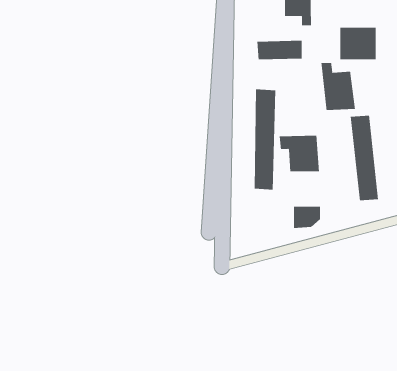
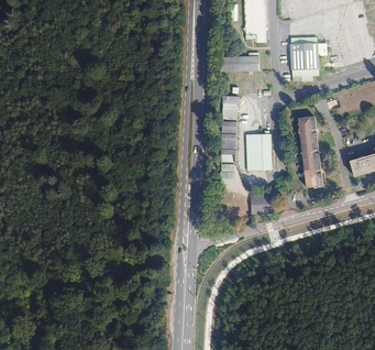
building: [321,62,356,111] -> none

